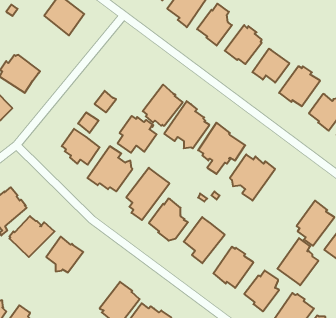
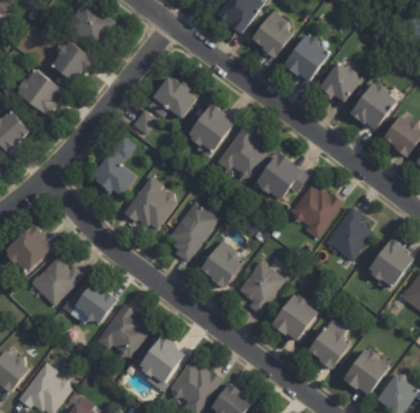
building: none -> [57,40,97,81]
building: [118,116,157,153] -> [150,77,196,120]
building: [277,238,318,285] -> [323,205,371,260]
building: none -> [96,307,149,359]

